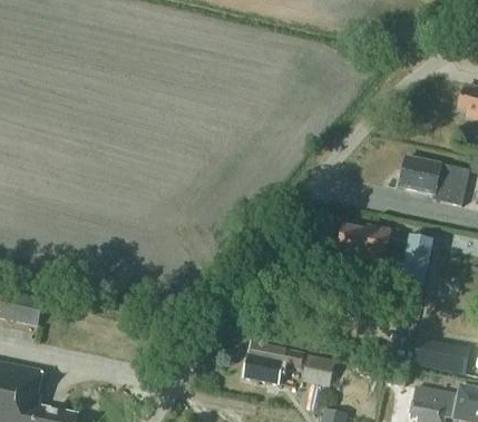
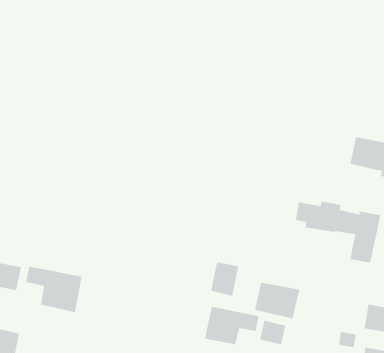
building: none -> [211,261,239,296]
building: none -> [26,266,82,313]
building: none -> [254,282,300,319]

